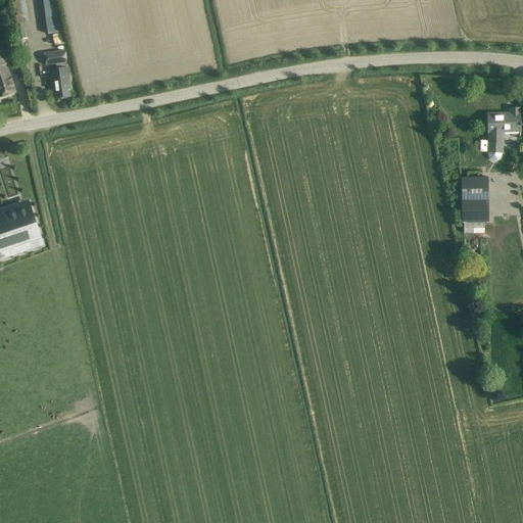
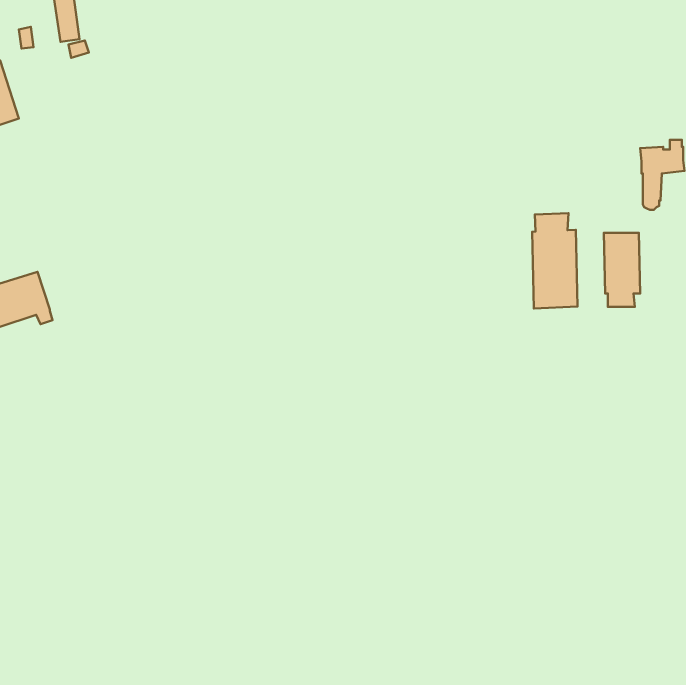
building: [43,49,69,96] -> none
building: none -> [532,213,578,308]

